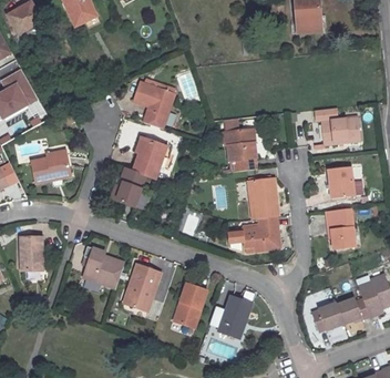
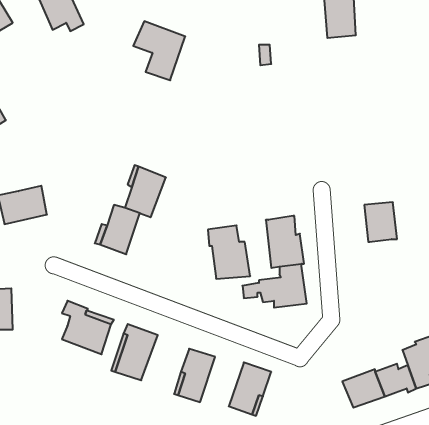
building: [132,81,174,129] -> [133,21,185,80]
building: [315,108,359,145] -> none
building: [223,129,257,172] -> [208,225,250,279]
building: [327,221,355,249] -> none

